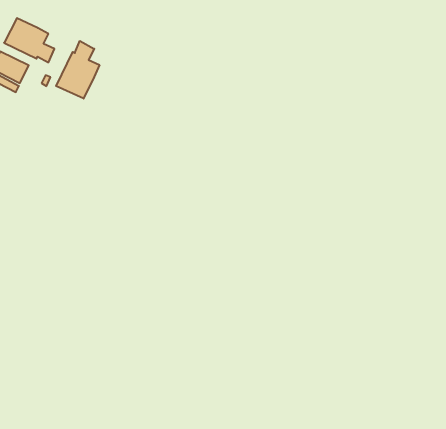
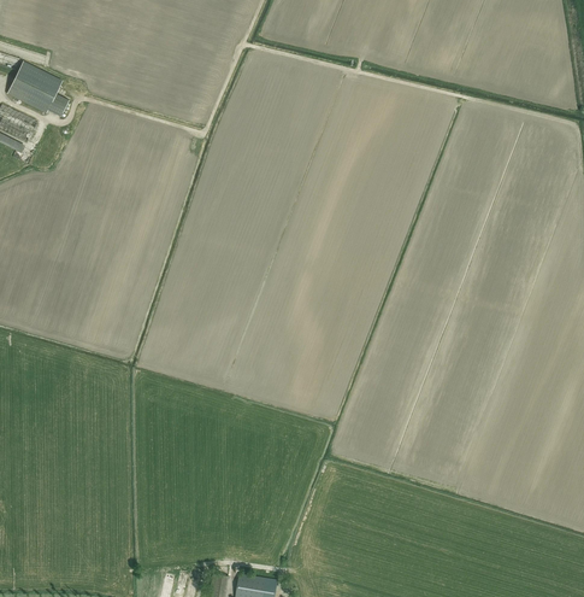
building: [56,41,99,99] -> none

